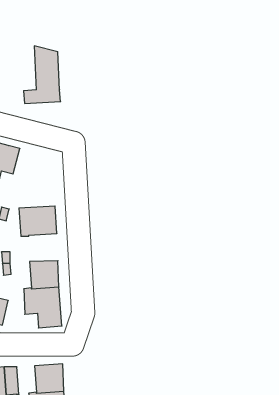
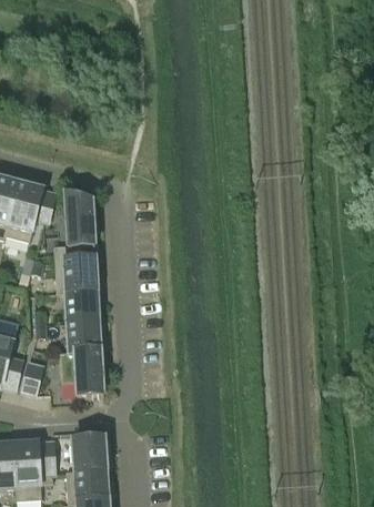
building: [24,46,61,103] -> [53,192,95,257]
building: none -> [65,286,99,318]

